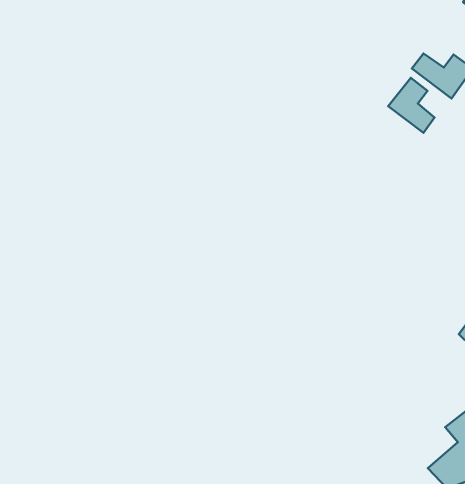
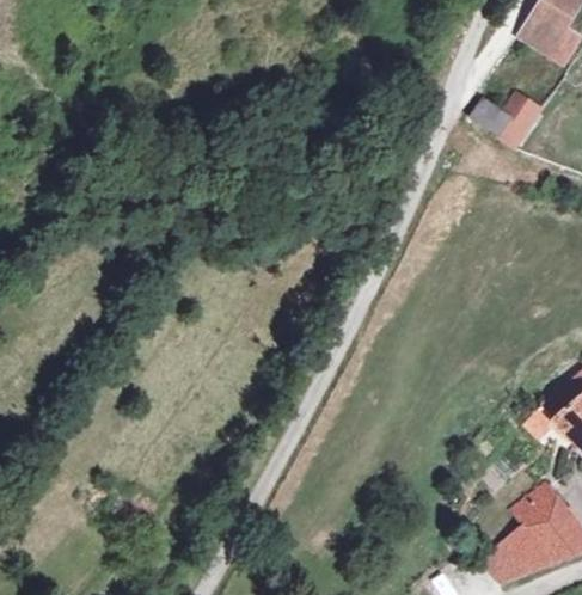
building: [388,78,435,133] -> none

